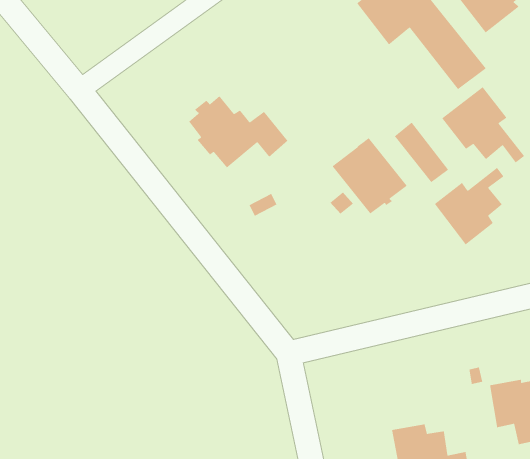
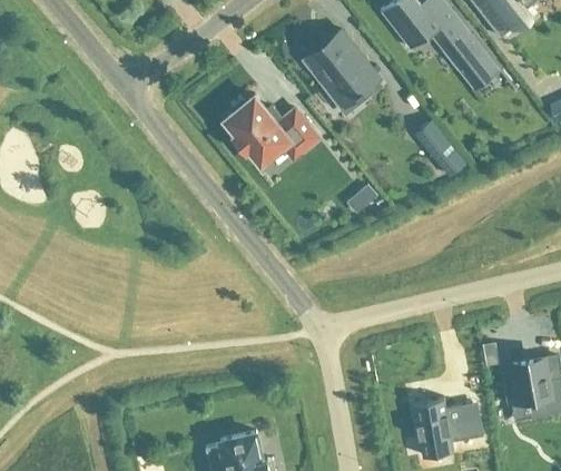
building: [441,86,525,164] -> none
building: [331,137,408,215] -> [308,32,378,104]
building: [434,167,505,245] -> none

